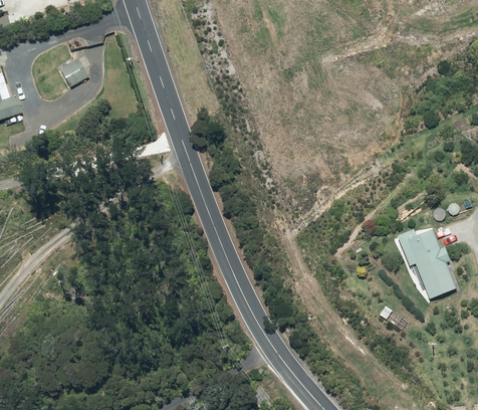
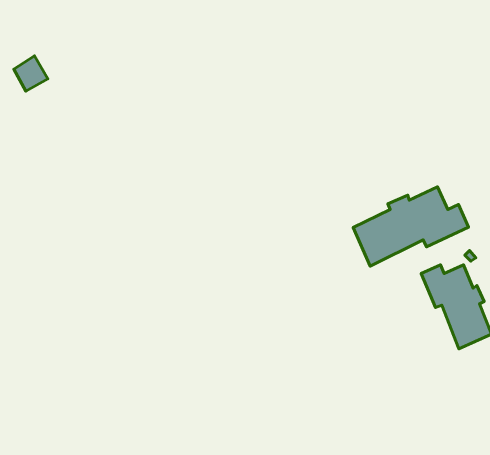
building: none -> [353,187,469,266]

